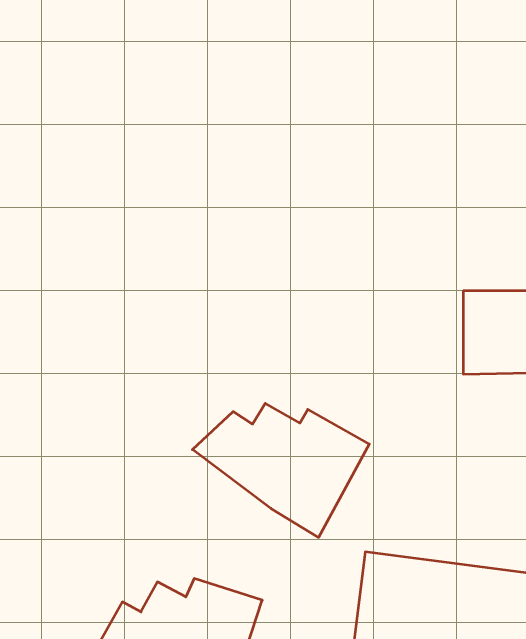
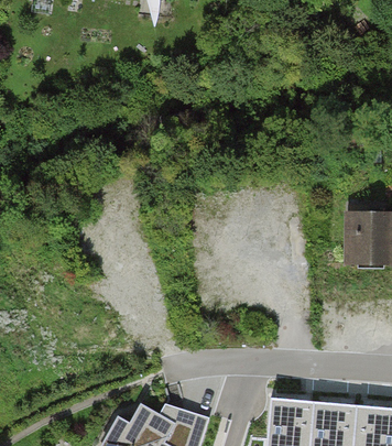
building: [192,403,369,537] -> none

